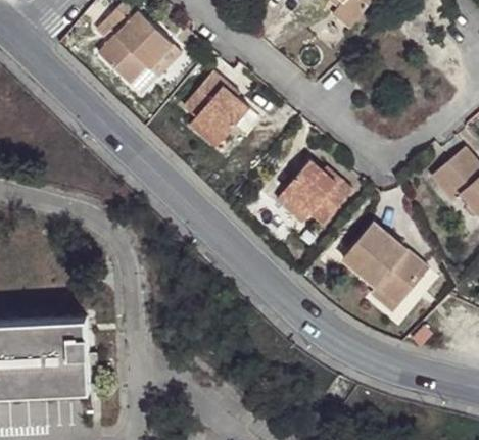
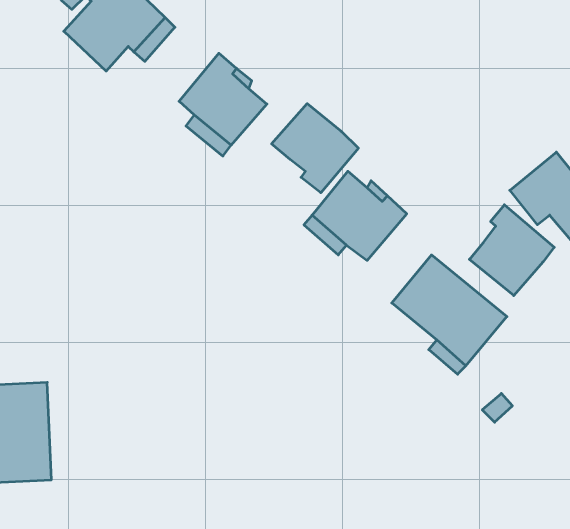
building: none -> [272,104,358,193]
building: none -> [469,205,554,296]

